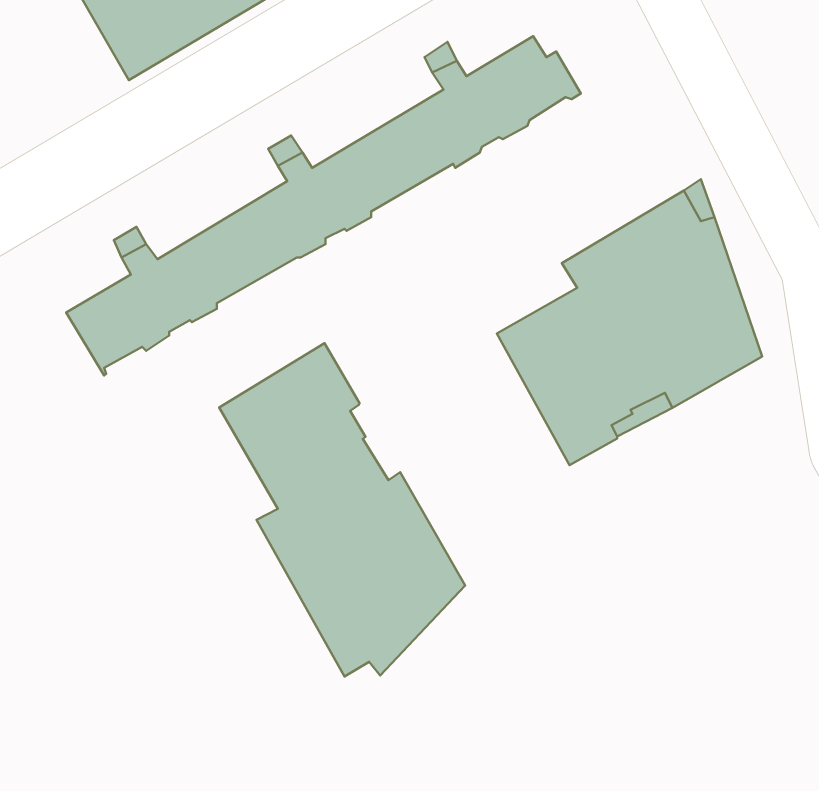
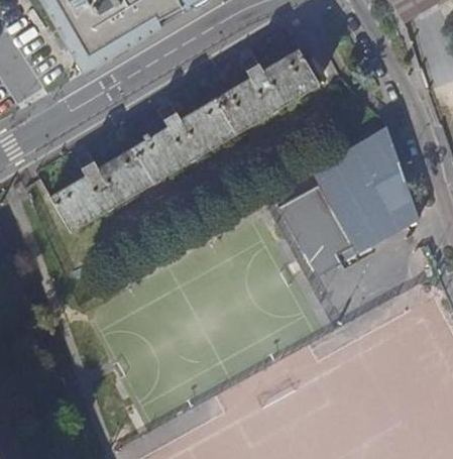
building: [219,343,465,677] -> none

